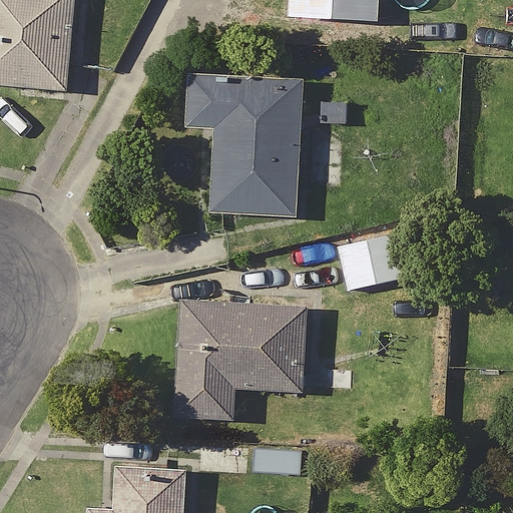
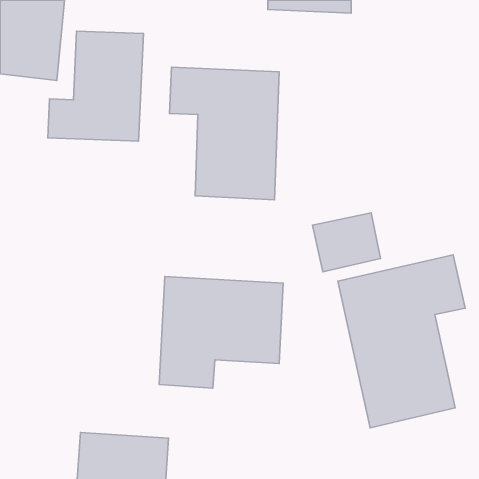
building: none -> [48,31,143,141]
building: none -> [338,255,465,428]

